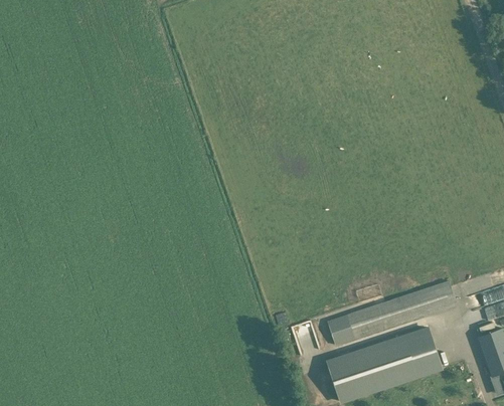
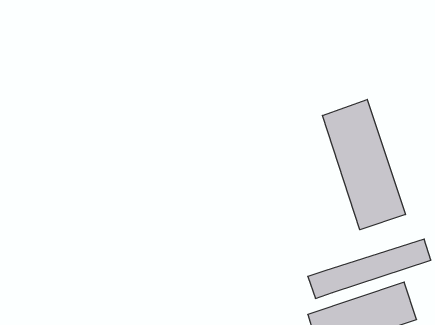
building: none -> [322,99,405,230]

